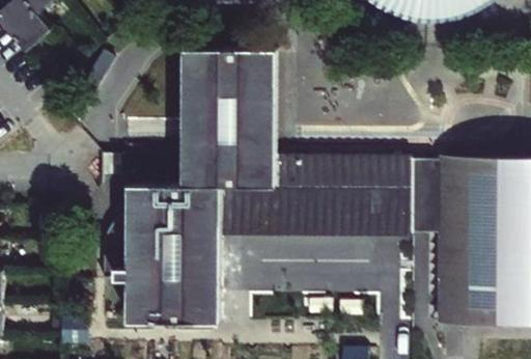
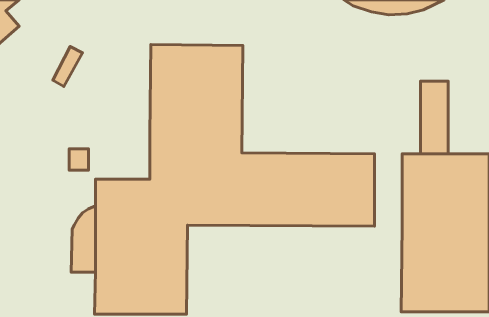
building: [411,160,439,233] -> [420,81,448,154]

